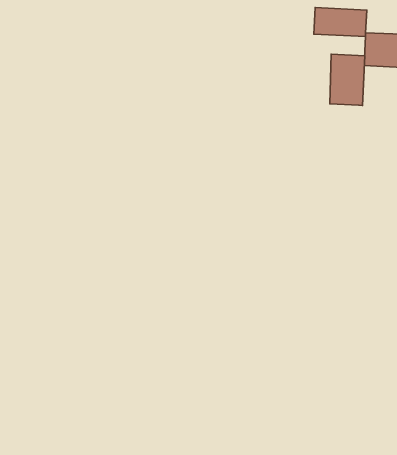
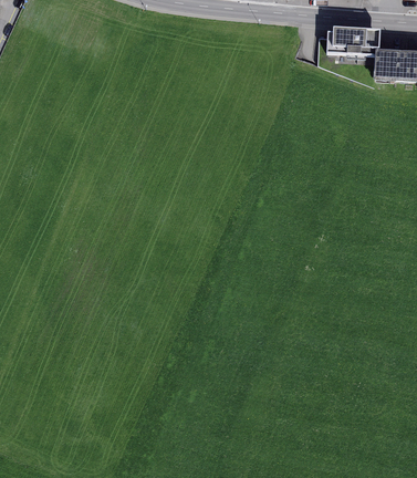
building: [330,54,365,105] -> none

